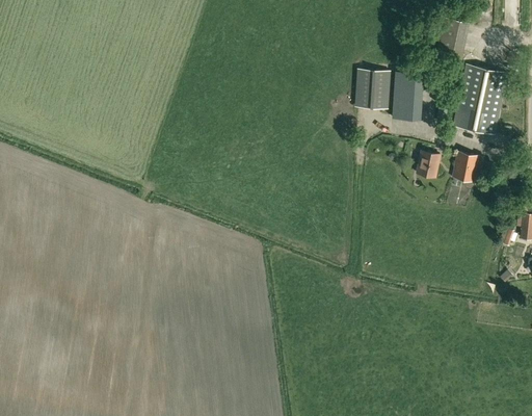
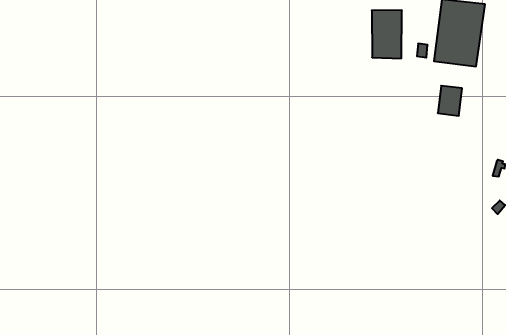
building: [355,69,389,108] -> none
building: [416,152,438,178] -> none

